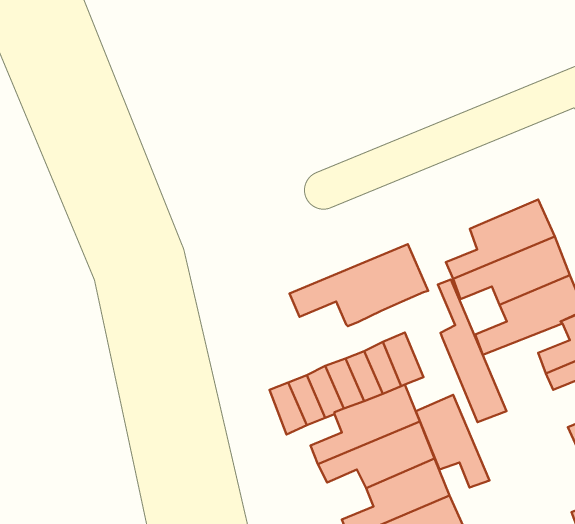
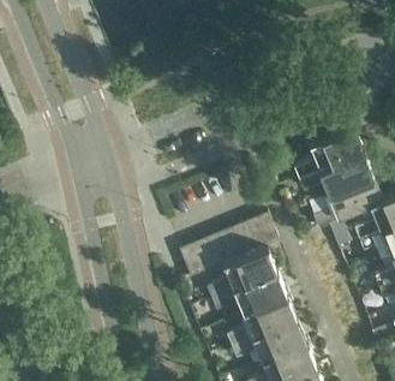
building: [290,244,428,326] -> none
building: [438,280,507,422] -> none
building: [416,395,490,488] -> none

